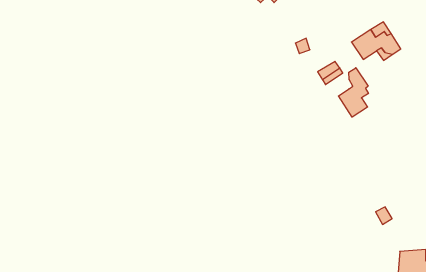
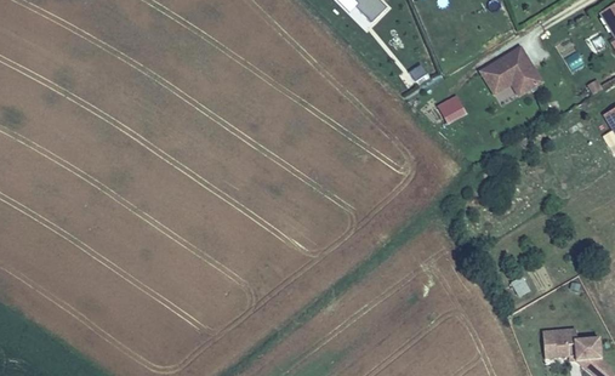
building: [338,68,368,117] -> none

